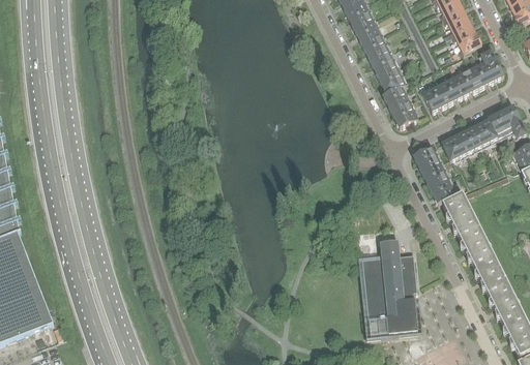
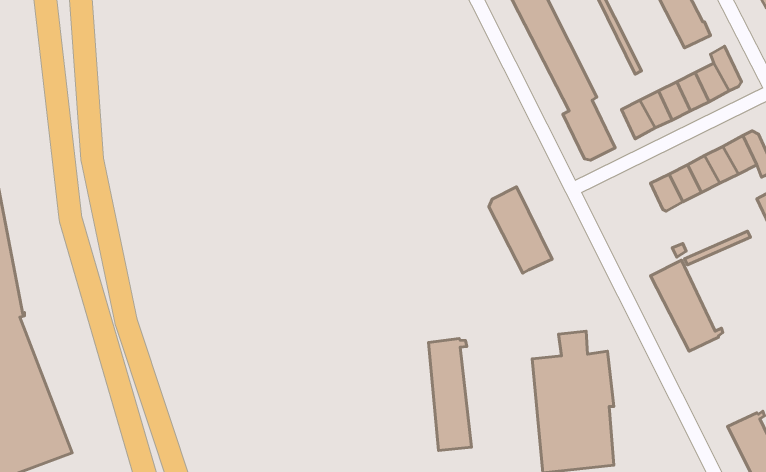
building: [413,146,455,204] -> [489,187,552,273]
building: [467,245,512,305] -> none
building: none -> [428,338,472,451]

